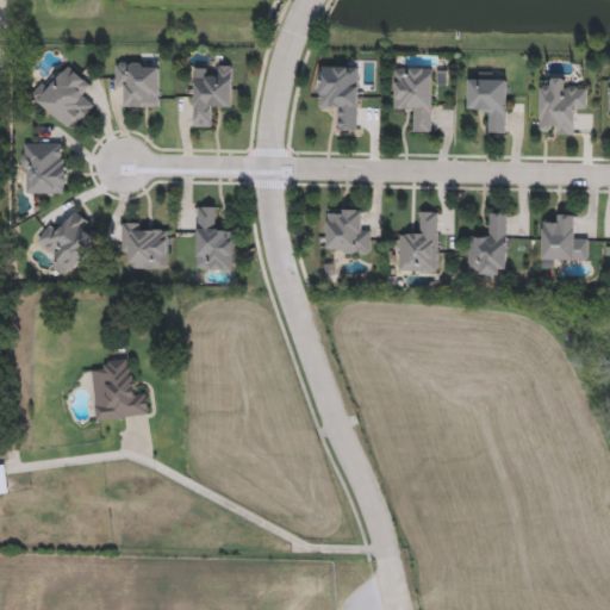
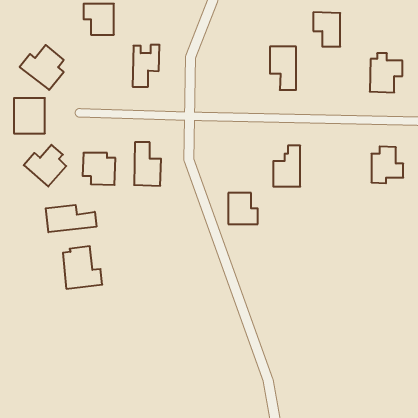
building: [114,62,158,107] -> [84,4,114,35]
building: [319,66,357,130] -> none
building: [467,79,506,129] -> [313,12,340,47]
building: [326,208,369,254] -> [228,193,258,224]
building: [467,213,505,278] -> none
building: none -> [46,205,96,232]

